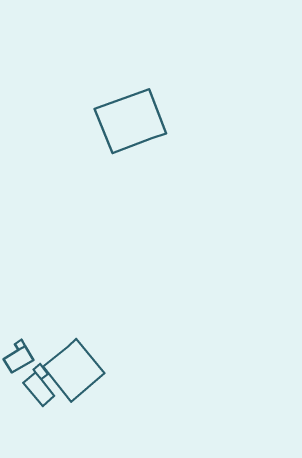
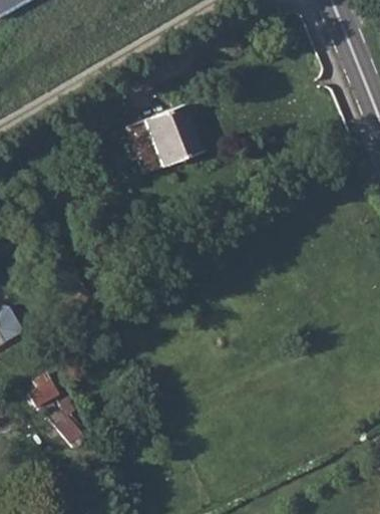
building: [43,339,105,402] -> none

